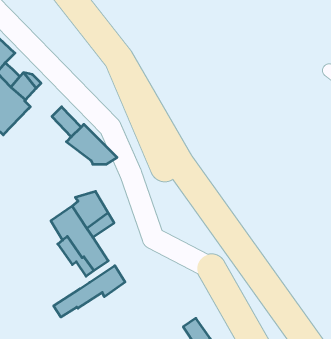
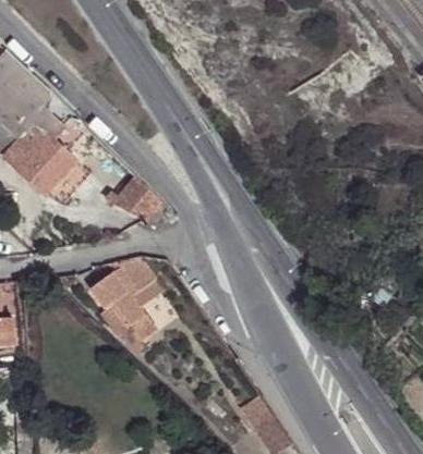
building: [54,266,125,317] -> none

